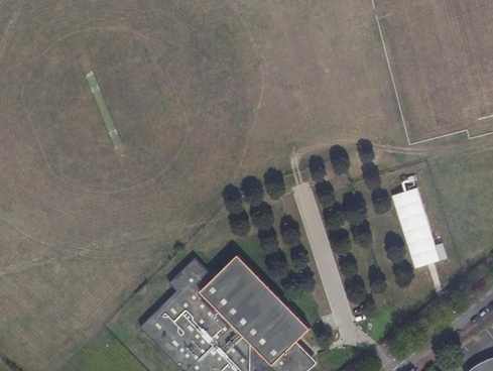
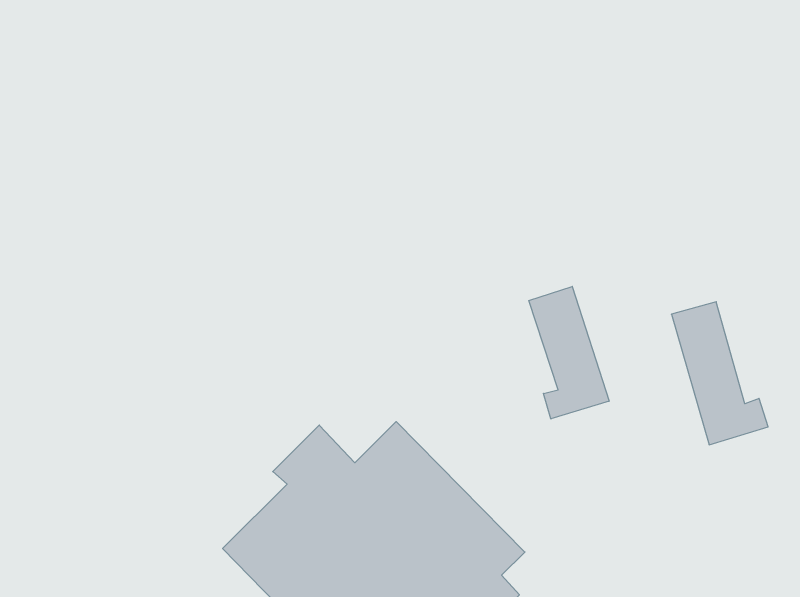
building: none -> [529,286,609,419]

